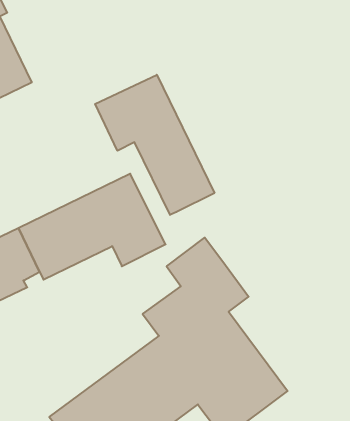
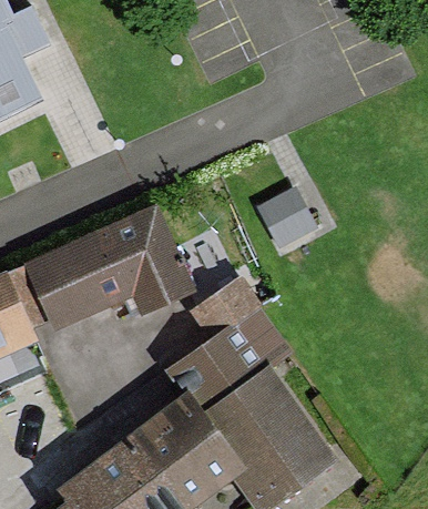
building: [95,75,214,215] -> none

